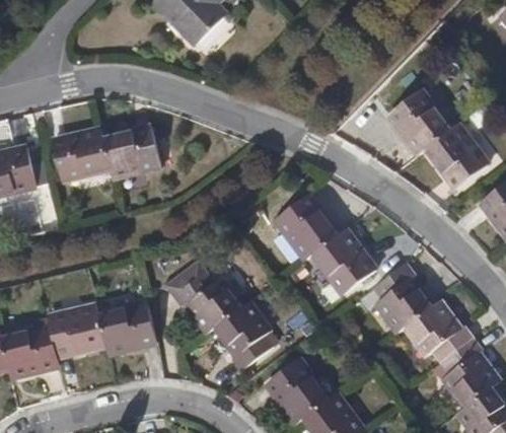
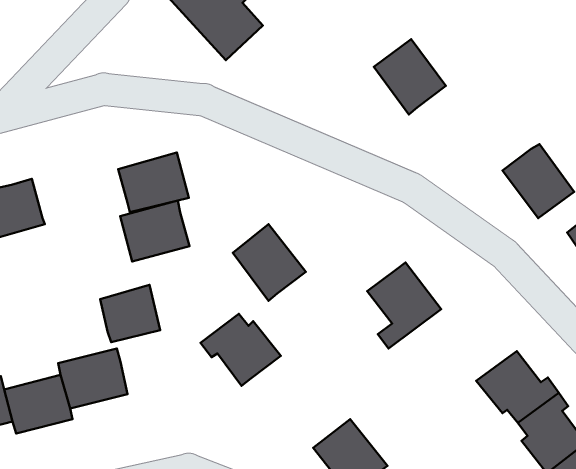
building: [389,89,450,153] -> [374,39,446,115]
building: [50,136,109,188] -> [120,201,190,262]
building: [274,191,336,256] -> [233,224,306,301]
building: [374,262,431,330] -> none
building: [102,297,153,346] -> [100,285,160,342]
building: [213,298,271,366] -> none

